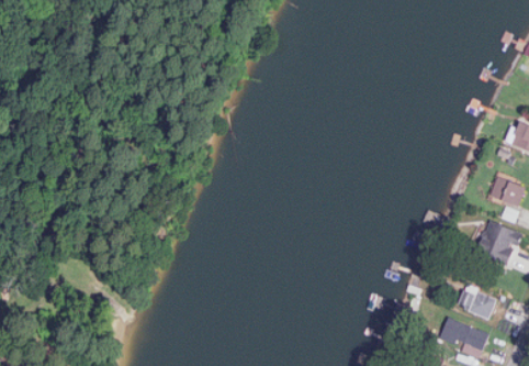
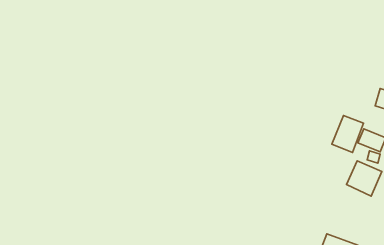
building: none -> [332,115,364,152]
building: [458,284,496,318] -> none

